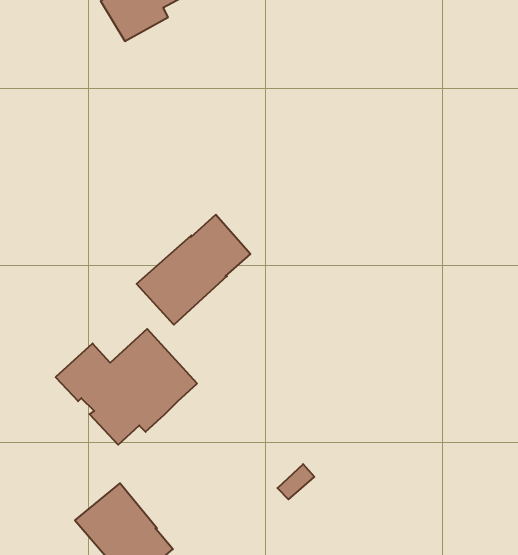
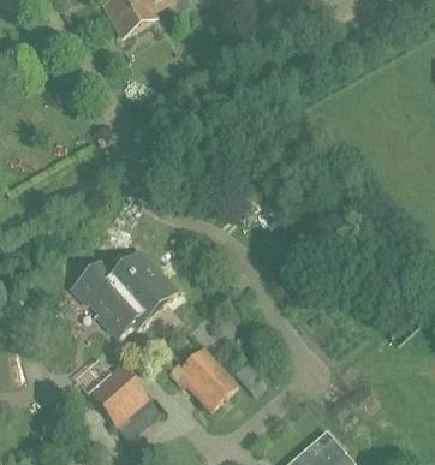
building: [137,215,250,325] -> none
building: none -> [169,348,237,411]

